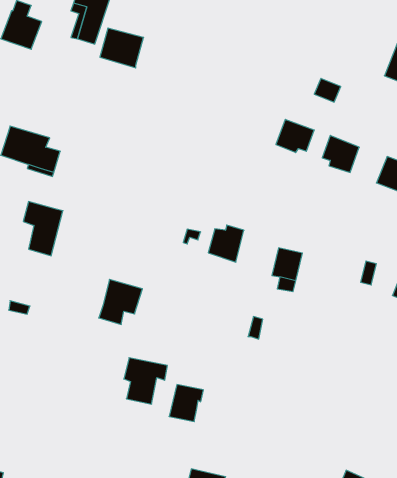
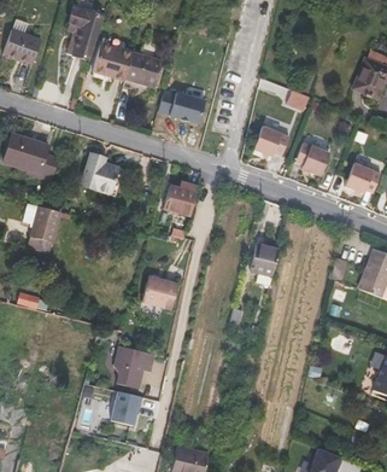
building: none -> [125,53,162,87]
building: none -> [158,89,205,123]
building: none -> [80,153,123,192]
building: [208,225,244,262] -> [164,182,197,216]
building: [99,279,142,324] -> [137,276,177,317]
building: [169,385,203,422] -> [111,391,142,425]

